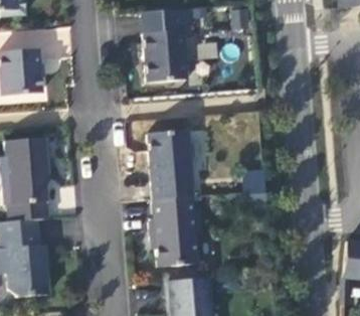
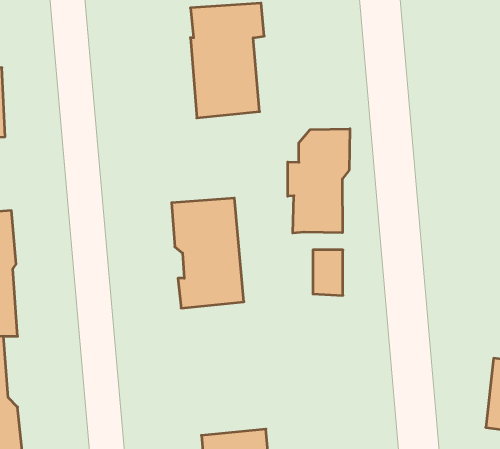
building: none -> [288,129,350,233]
building: [148,197,199,268] -> none

